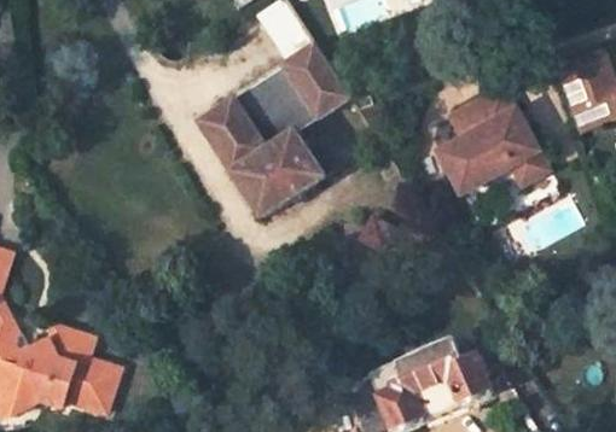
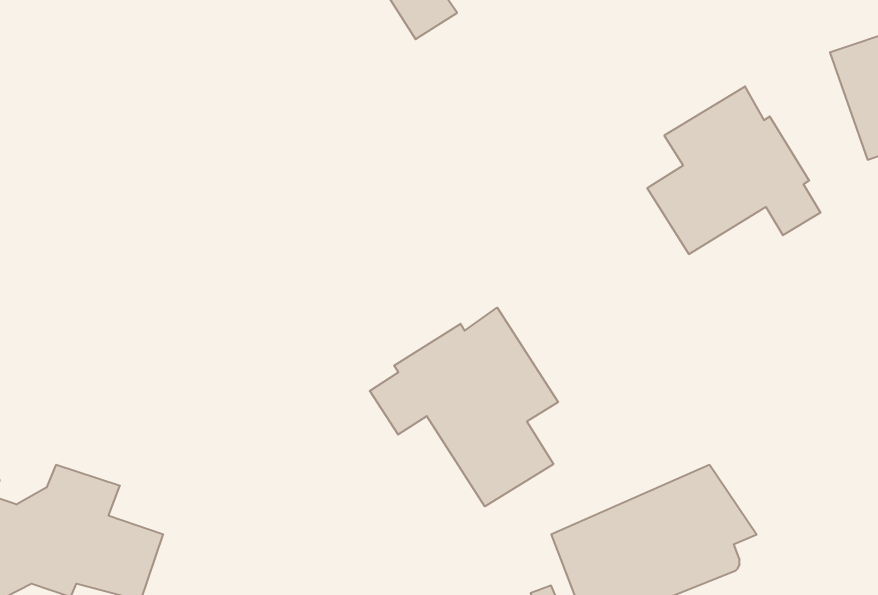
building: [198,43,348,217] -> none
building: none -> [370,308,558,506]

